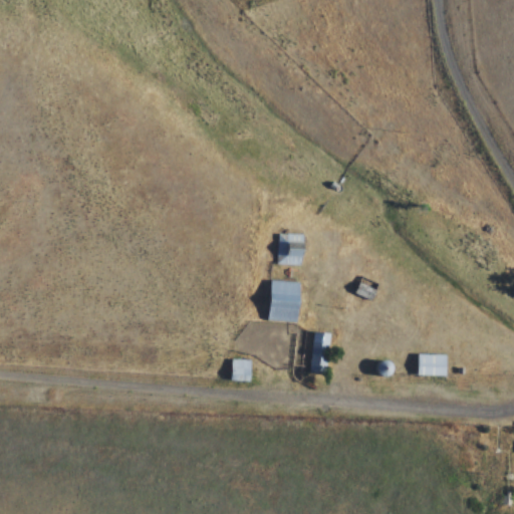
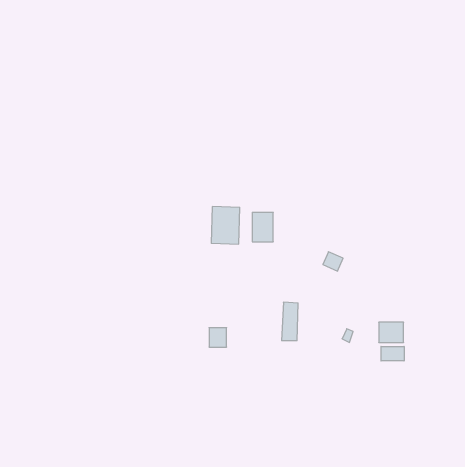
building: [268,281,299,322] -> [211,207,240,244]
building: none -> [381,346,404,361]

